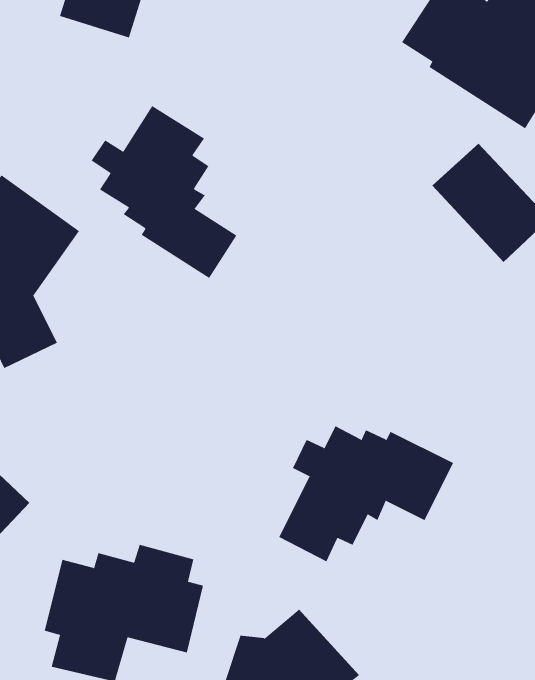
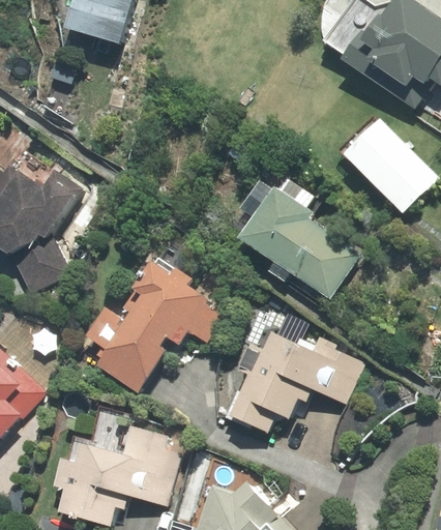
building: [91,105,237,279] -> none
building: none -> [237,174,358,299]
building: none -> [74,254,223,394]

